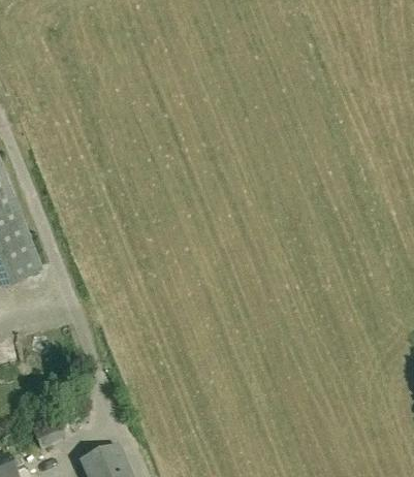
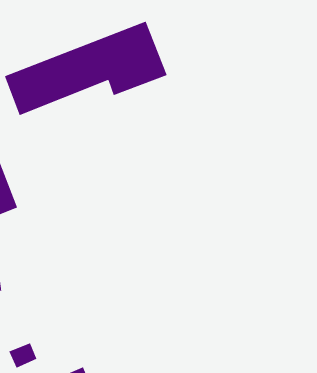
building: none -> [4,21,168,116]

